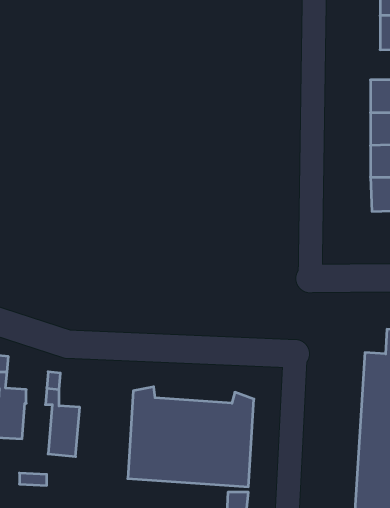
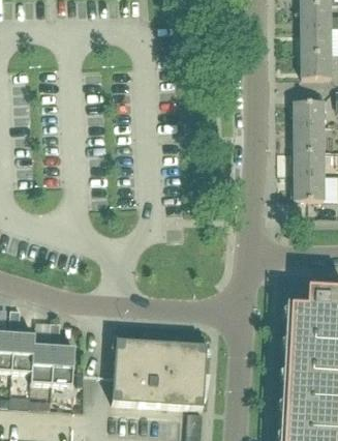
building: none -> [30,345,54,383]

